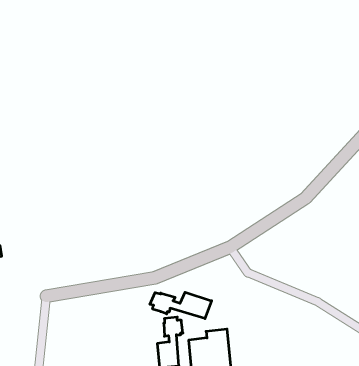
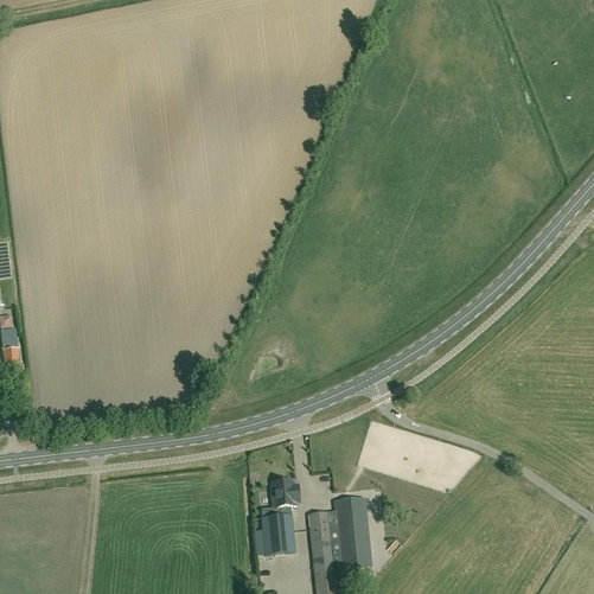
building: [150,292,212,319] -> none

